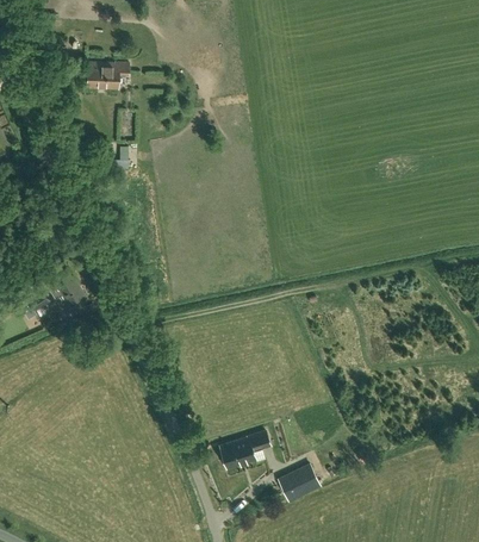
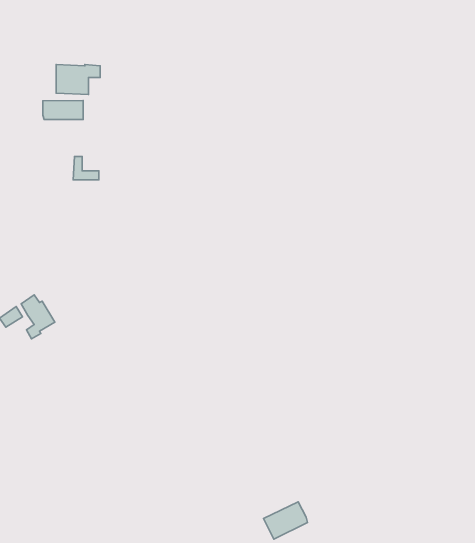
building: none -> [43,100,83,119]
building: [220,431,269,468] -> none

